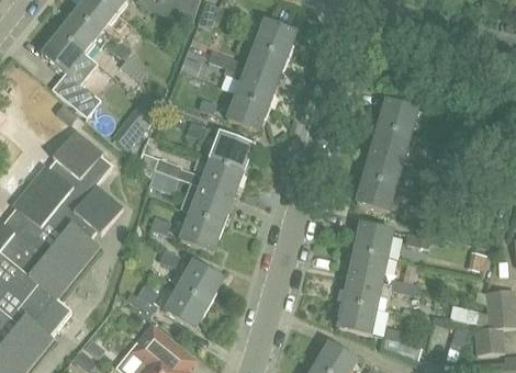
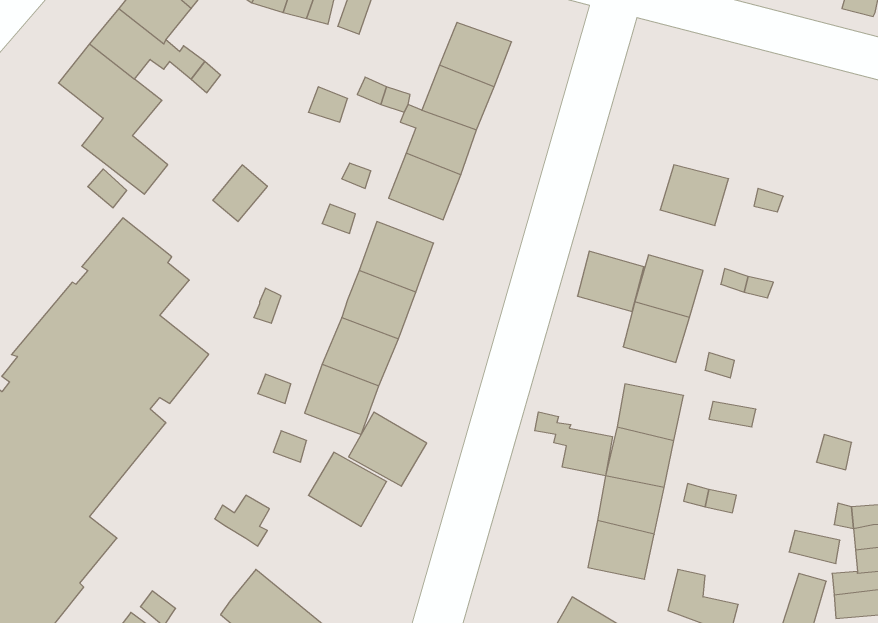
building: [372,124,410,158] -> [577,251,644,312]
building: none -> [535,412,612,476]
building: [167,284,211,326] -> [349,412,427,486]

